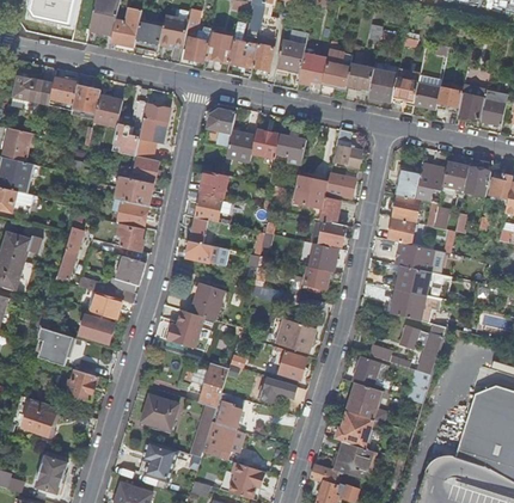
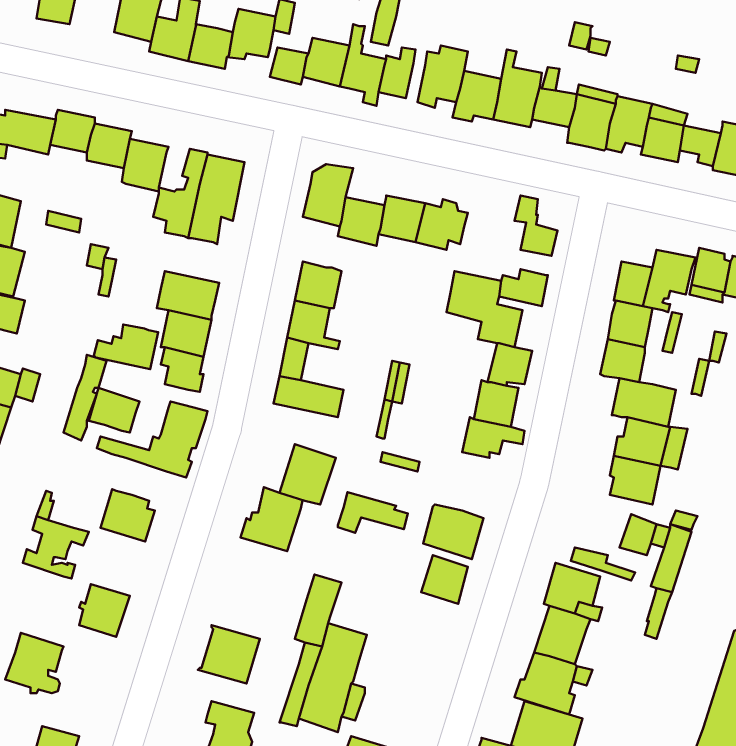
building: [118,155,158,183] -> [94,324,158,369]
building: [90,290,121,318] -> [89,388,139,433]
building: [261,376,304,401] -> [338,492,408,533]

